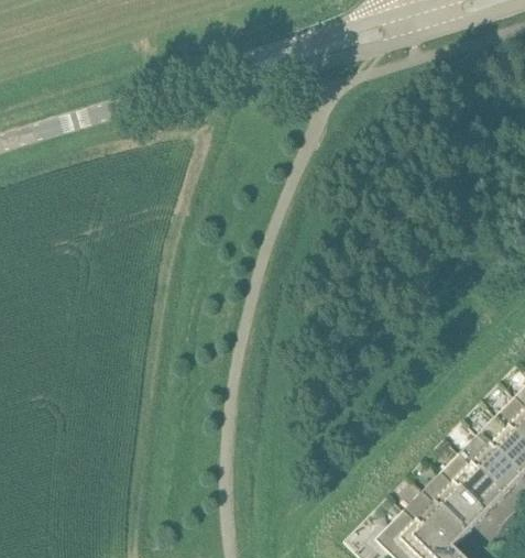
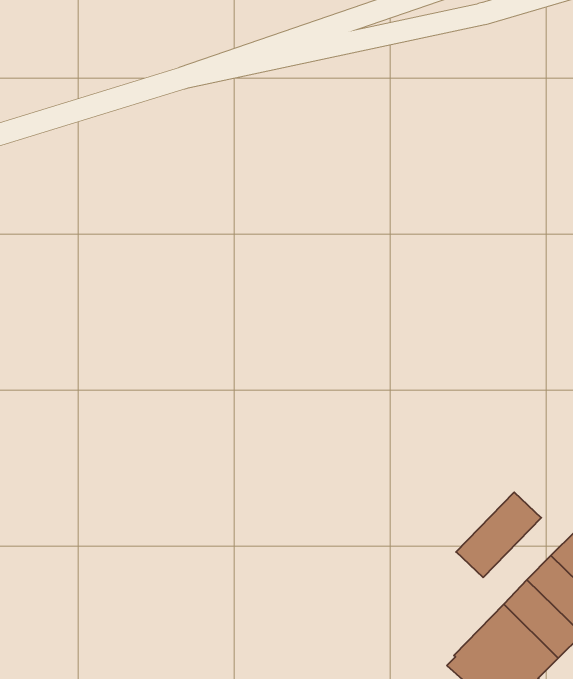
building: none -> [456,492,541,577]

